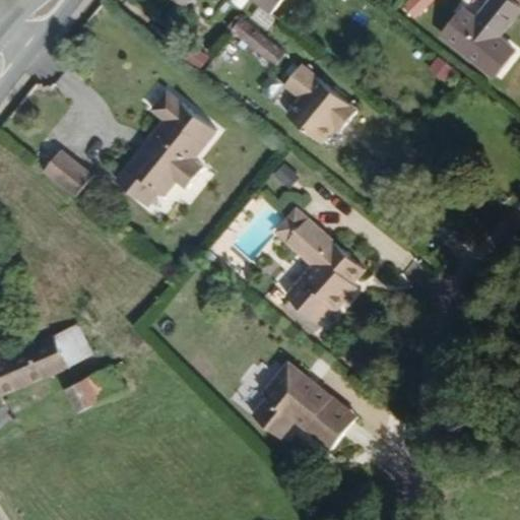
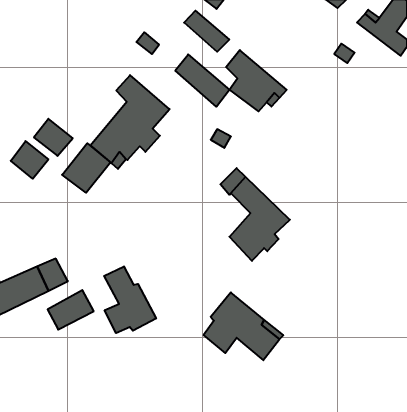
building: none -> [175,54,229,107]
building: none -> [11,141,48,179]
building: none -> [62,143,111,193]
building: none -> [104,266,156,333]

